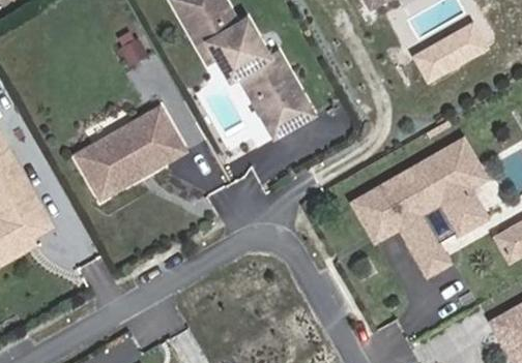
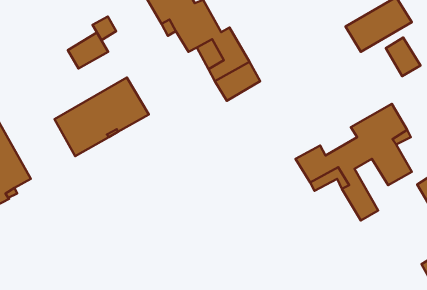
building: none -> [68,32,108,69]
building: none -> [386,38,421,76]

